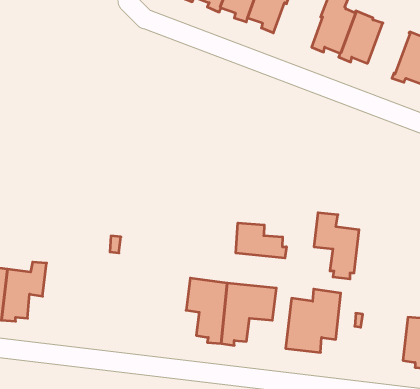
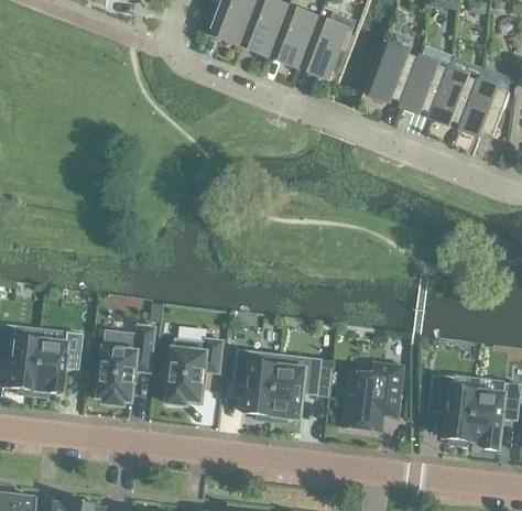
building: none -> [429,55,482,124]
building: [314,213,359,279] -> [427,372,477,445]
building: [236,223,286,258] -> none
building: none -> [95,324,155,406]
building: none -> [164,337,222,404]

